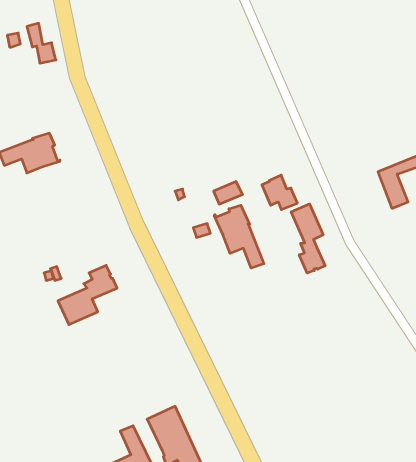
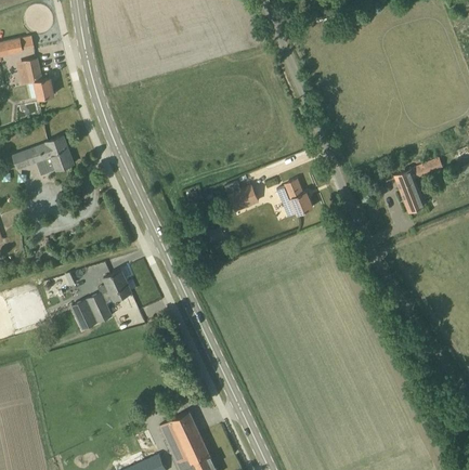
building: [27,23,56,63] -> [25,60,54,100]
building: [291,204,325,273] -> none
building: [214,205,264,268] -> none

